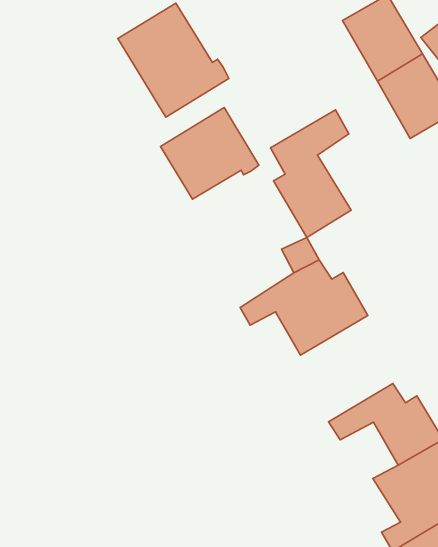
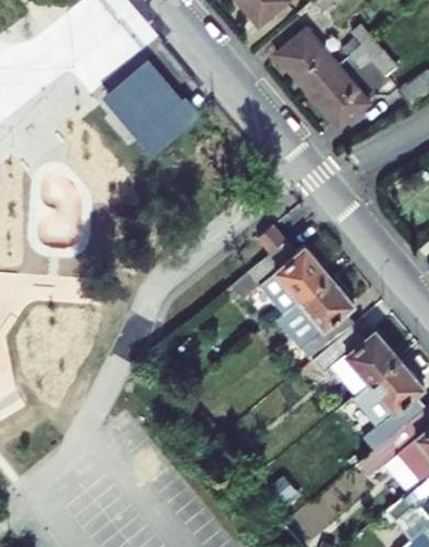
building: [160,107,259,199] -> none
building: [271,110,351,237] -> none
building: none -> [278,274,356,359]

